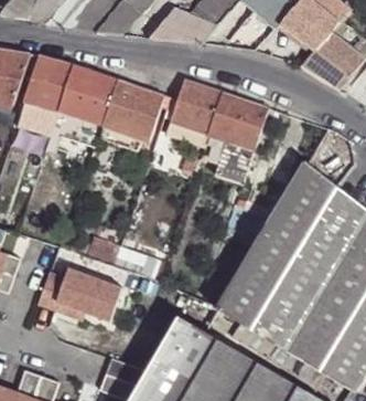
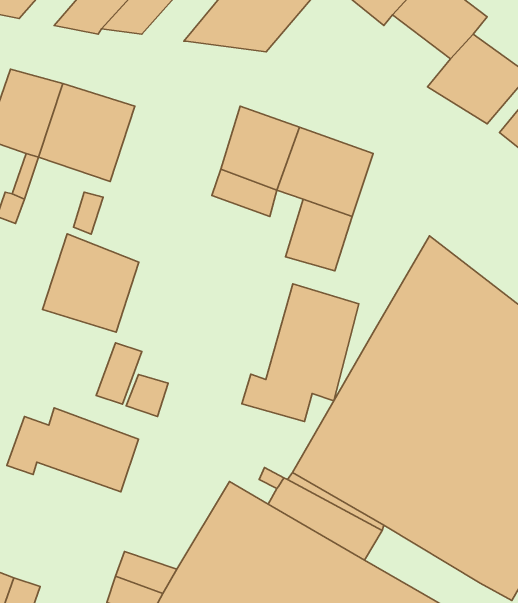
building: [103,78,163,140] -> [43,234,139,332]
building: none -> [242,284,359,422]

